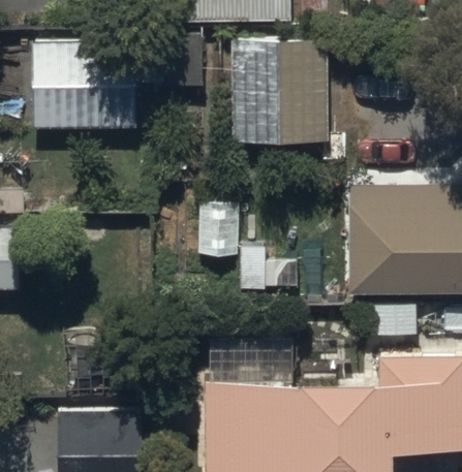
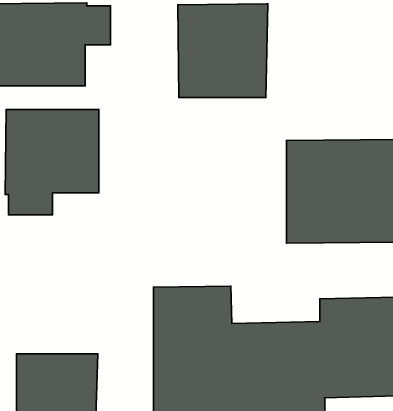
building: none -> [5,110,99,215]

